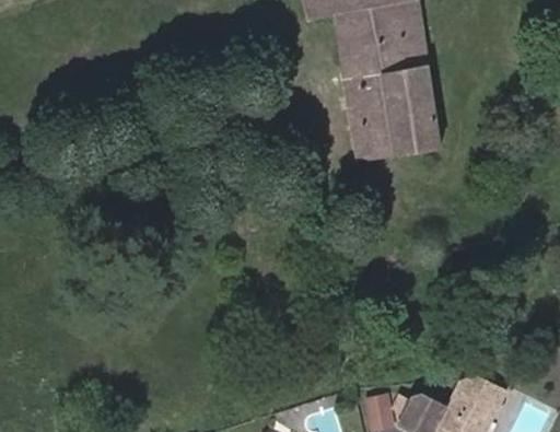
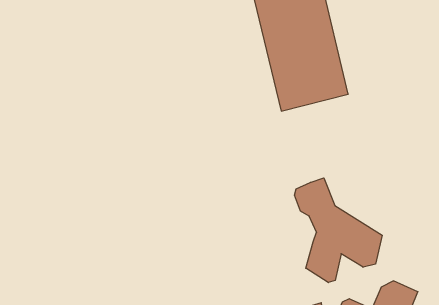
building: none -> [295,178,382,283]

